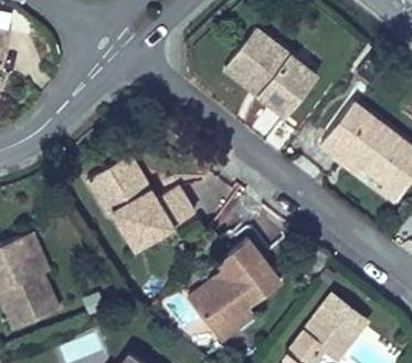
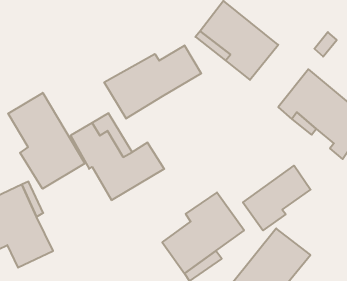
building: none -> [104,45,201,119]
building: none -> [8,93,85,189]
building: none -> [243,166,311,230]

